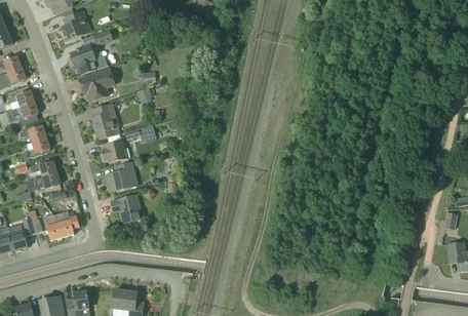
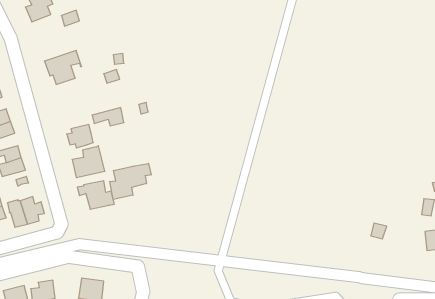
building: [71,43,109,74] -> none
building: [91,103,120,139] -> none
building: none -> [110,163,151,200]

